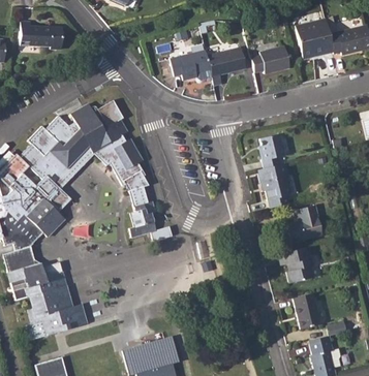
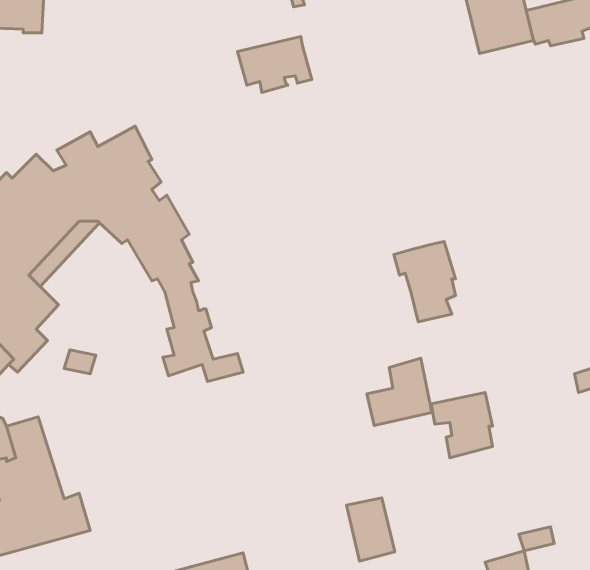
building: [251,46,289,75] -> none
building: [206,48,245,89] -> none
building: [258,135,283,168] -> none
building: [284,206,320,243] -> [367,358,432,425]
building: [291,294,318,330] -> [346,498,395,561]

